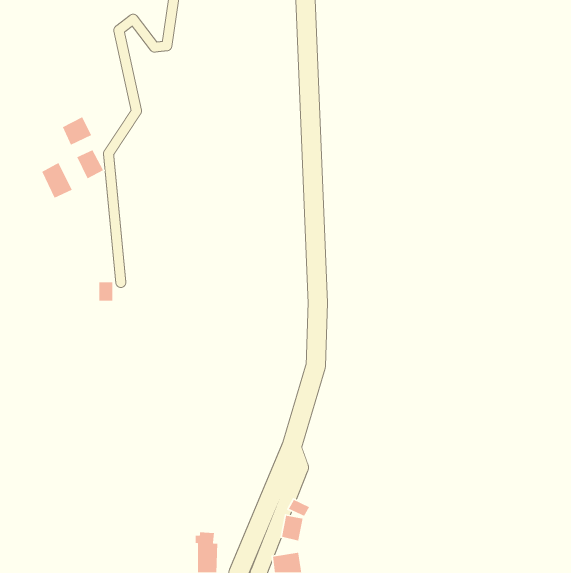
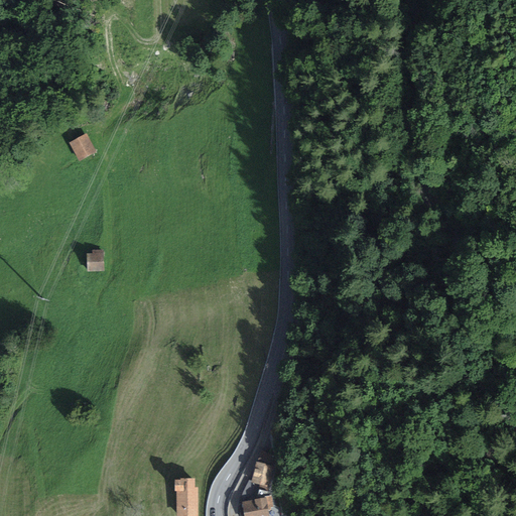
building: [62,116,92,146] -> none
building: [41,162,73,199] -> none

